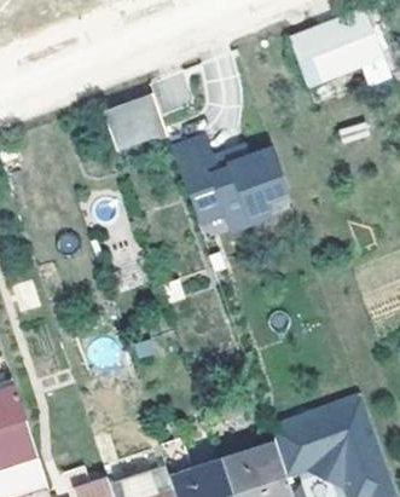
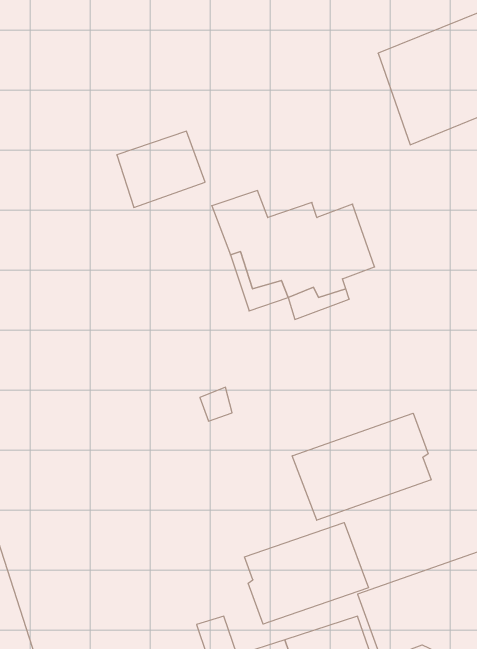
building: none -> [292,413,431,520]
building: none -> [245,523,368,624]

